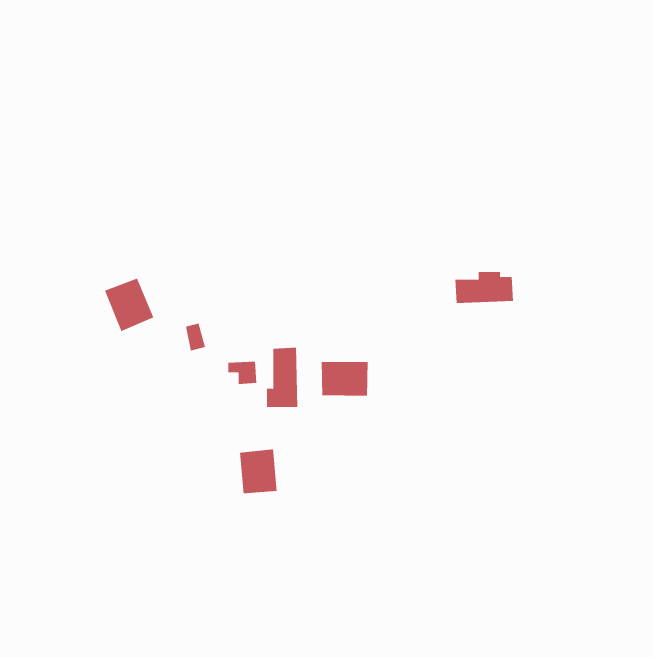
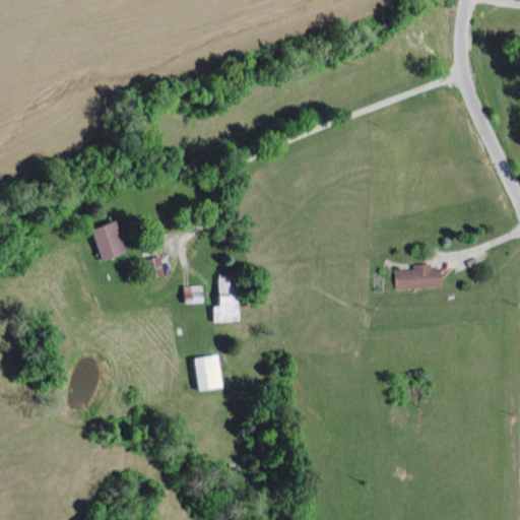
building: [455,272,514,304] -> [395,264,442,289]
building: [321,361,368,396] -> none

